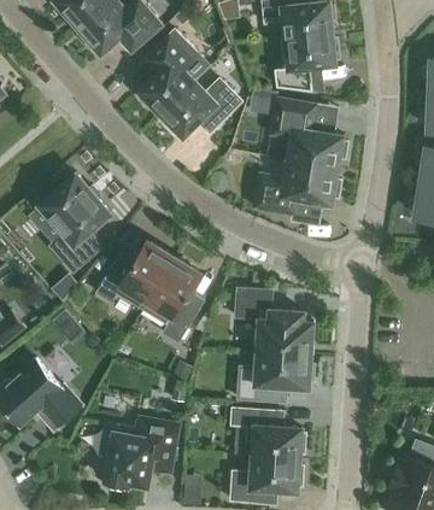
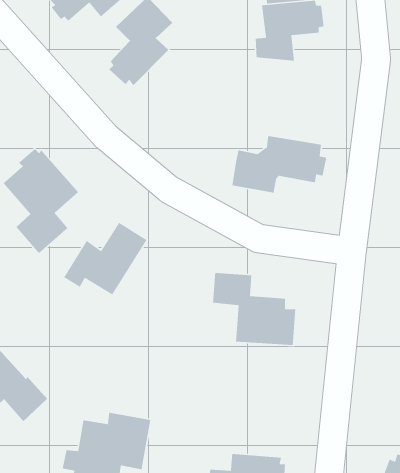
building: [162,81,241,136] -> none
building: [270,98,348,169] -> none
building: [142,258,201,342] -> none
building: [237,353,315,403] -> none
building: [231,409,306,461] -> none

